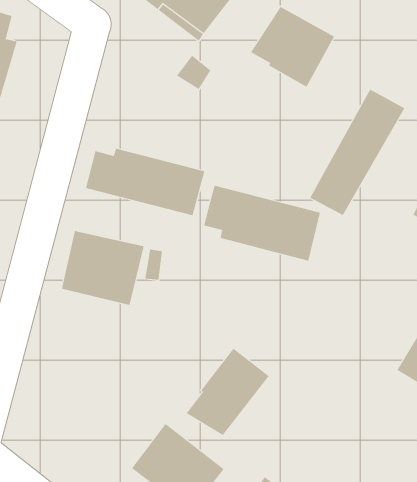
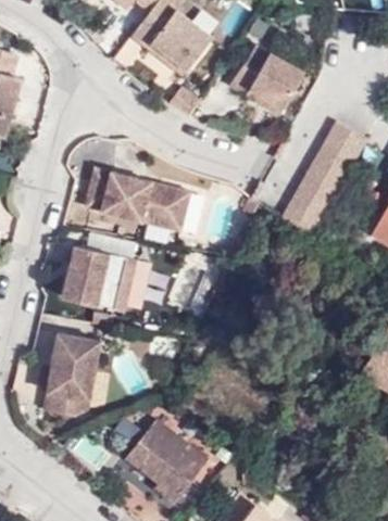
building: [204,185,321,262] -> none
building: none -> [41,333,98,417]
building: [186,348,269,436] -> none

